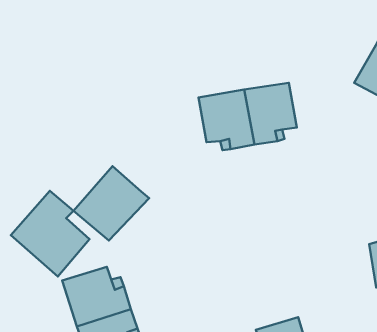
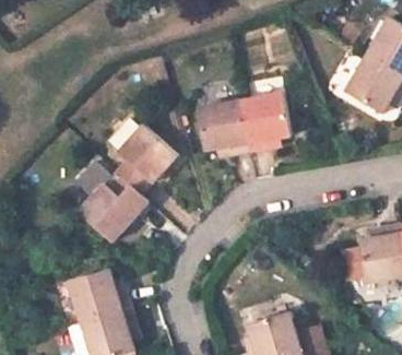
building: none -> [113,127,176,194]
building: [11,191,89,276] -> none

